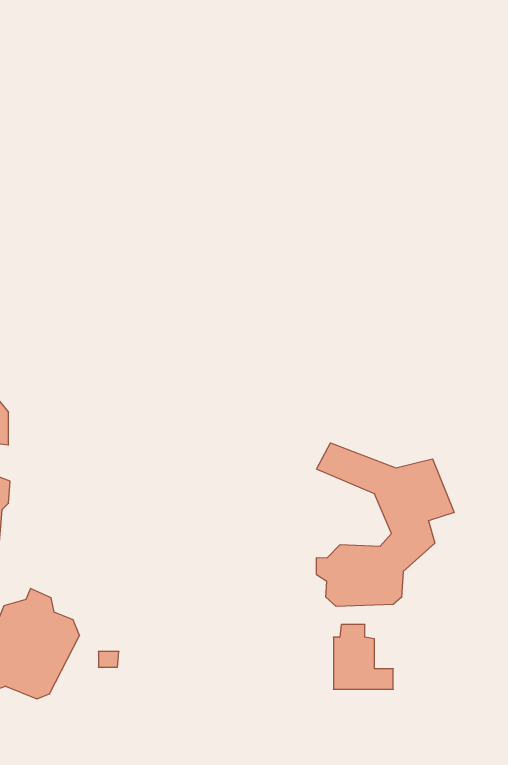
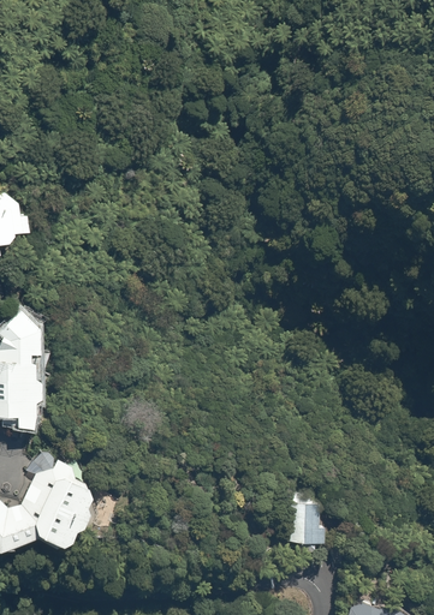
building: [317,443,454,606] -> none

